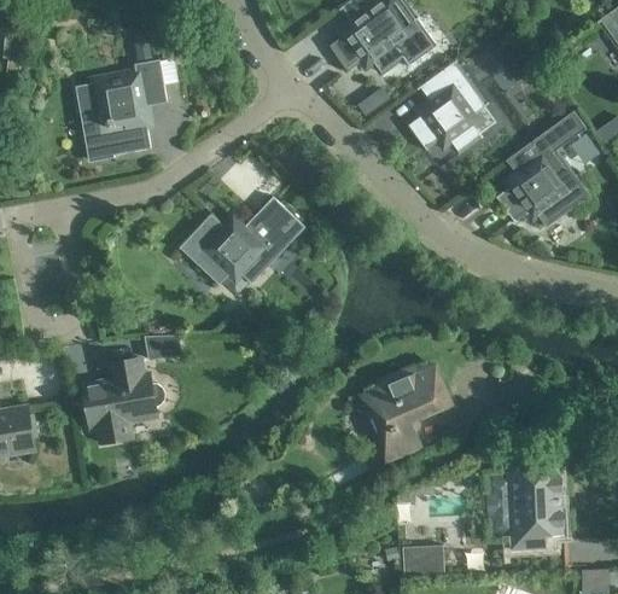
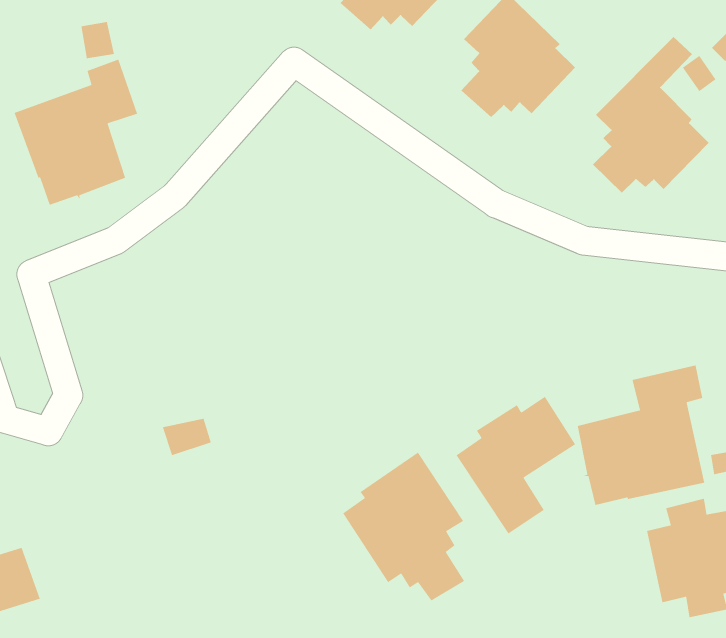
building: [180,197,307,296] -> none
building: none -> [577,365,705,506]
building: [83,359,165,444] -> none
building: none -> [342,452,465,602]

